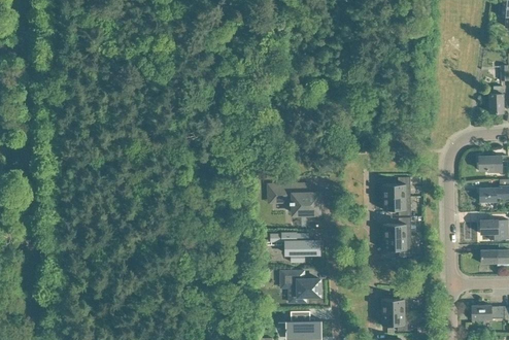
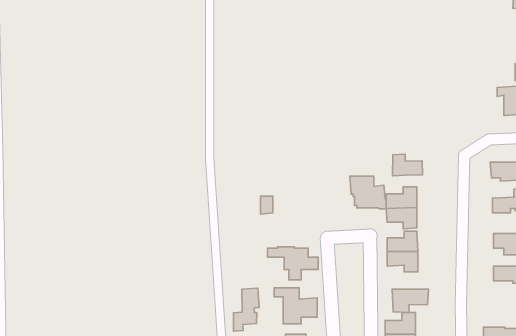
building: none -> [392,154,423,176]
building: [287,185,320,215] -> [350,176,386,209]
building: none -> [234,288,259,331]
building: none -> [392,289,428,313]

